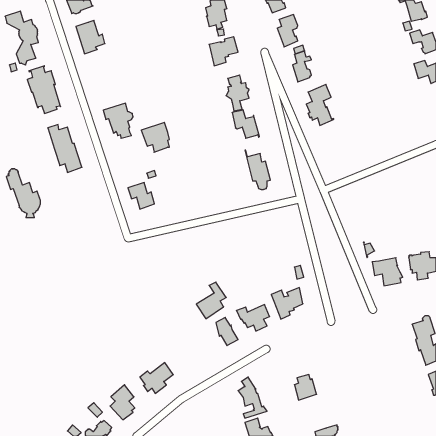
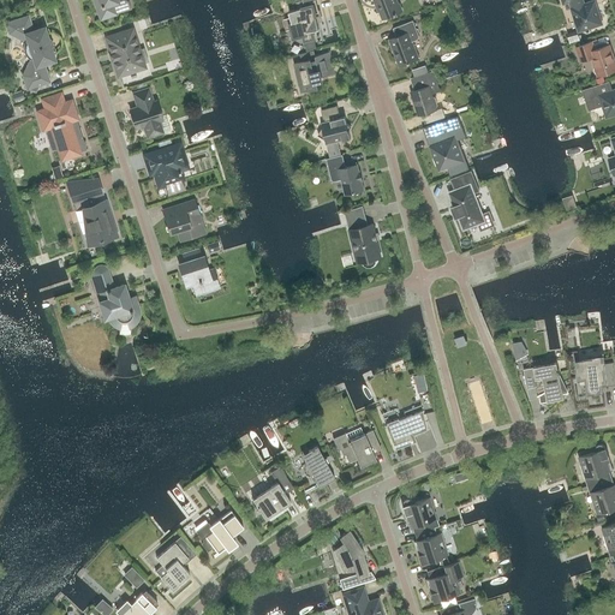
building: none -> [130,89,163,137]
building: none -> [449,171,492,229]
building: [141,122,169,152] -> [162,199,202,241]
building: [6,169,40,218] -> [91,265,139,334]
building: [196,282,226,319] -> [252,467,294,519]
building: none -> [402,498,440,532]
building: none -> [426,562,464,602]

